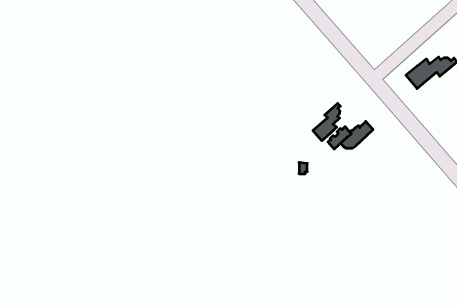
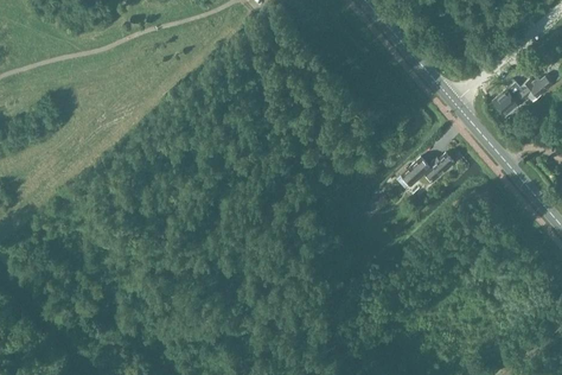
building: [313,103,340,141] -> none

